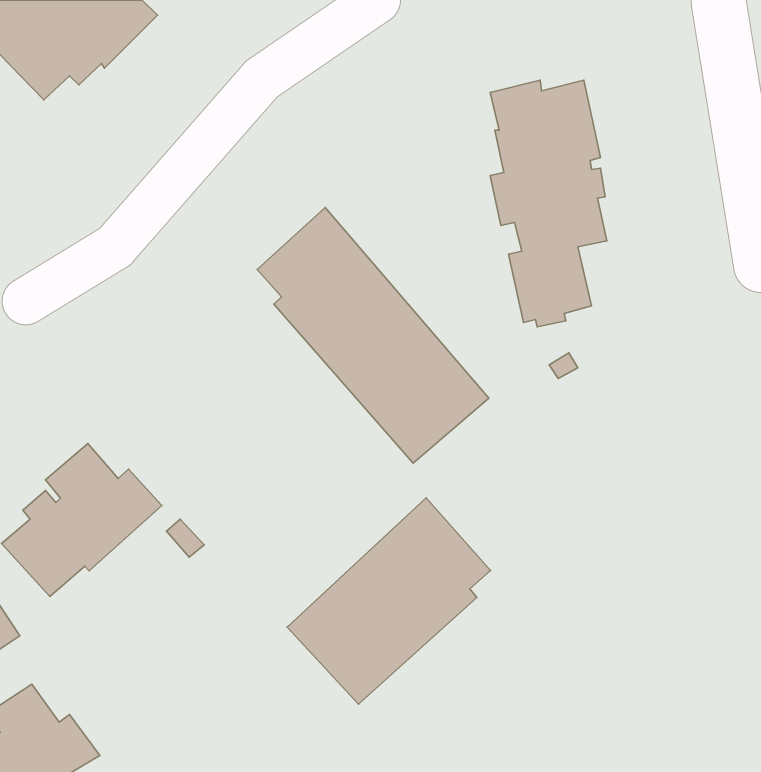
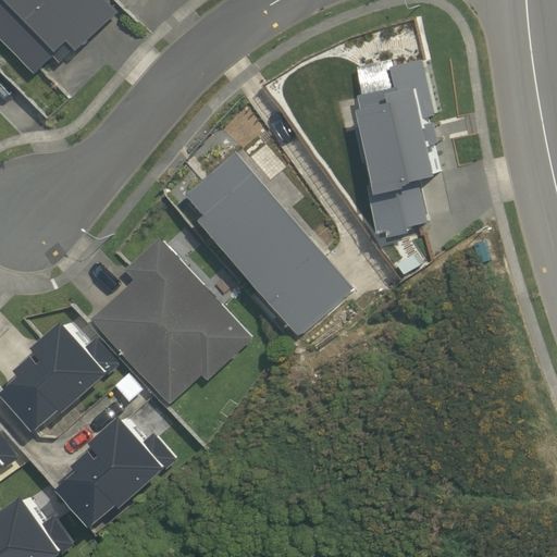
building: none -> [89,237,250,404]
building: [287,498,490,704] -> none
building: none -> [60,414,174,522]

